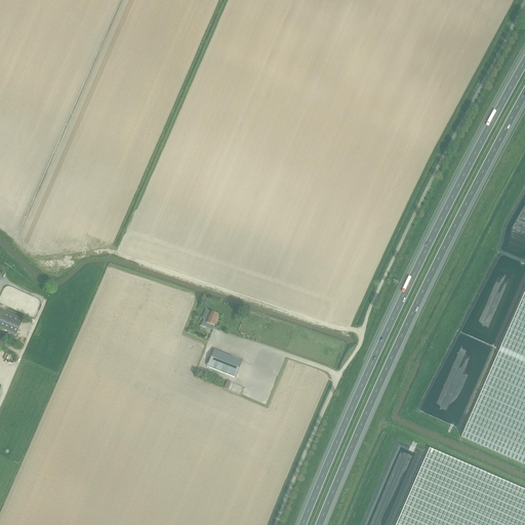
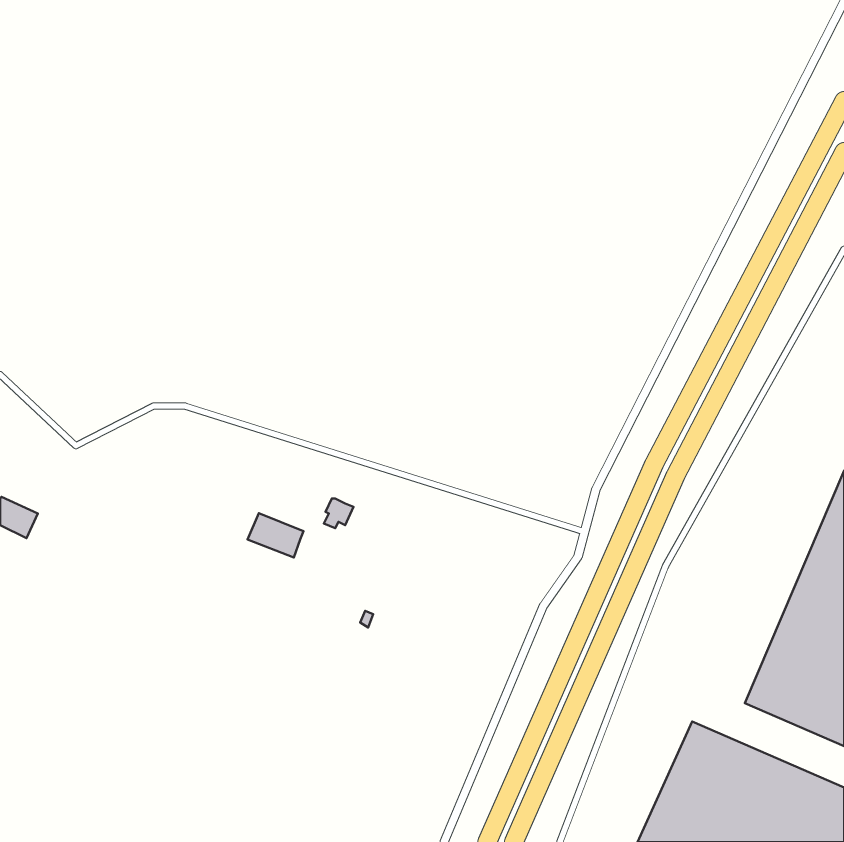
building: [207,349,242,376] -> [247,513,304,558]

